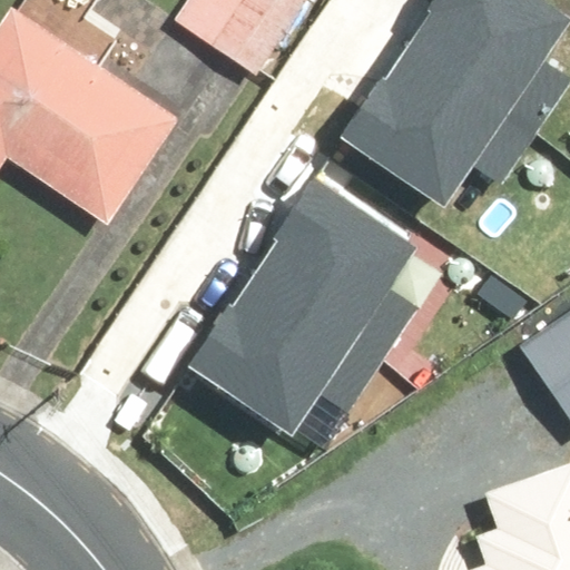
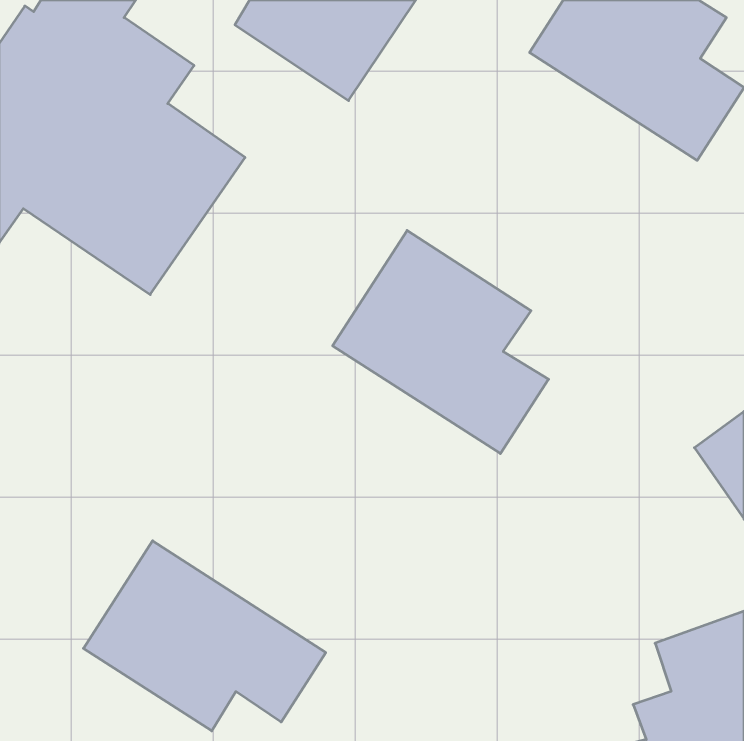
building: [346,43,532,194] -> none
building: [196,267,382,416] -> none
building: none -> [83,541,326,731]

